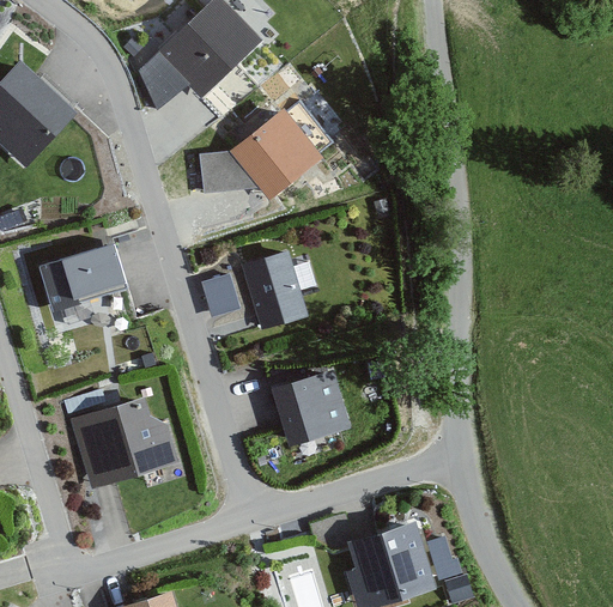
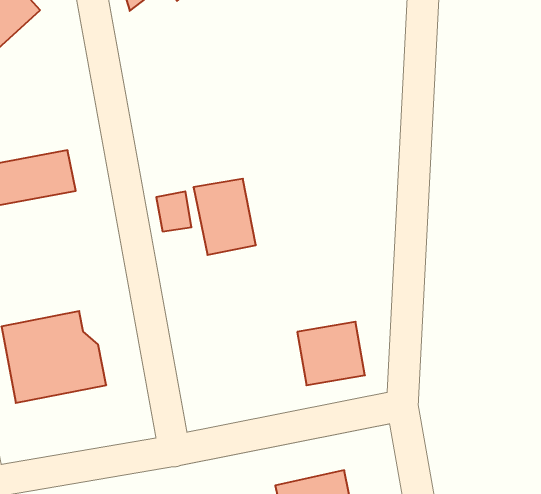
building: [205,101,334,192] -> none
building: [278,375,347,441] -> [297,322,365,385]

